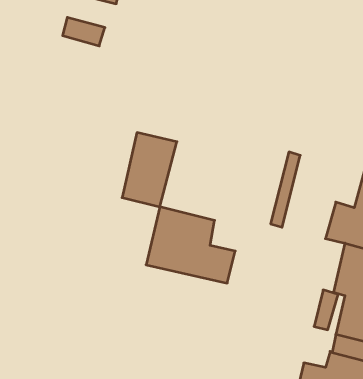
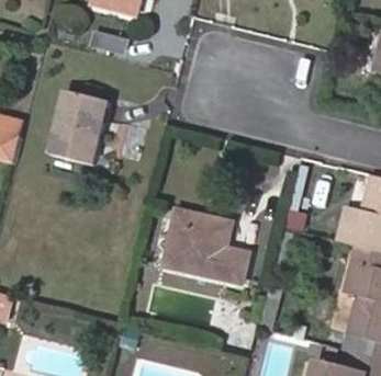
building: [122,133,177,207] -> [54,92,107,163]

